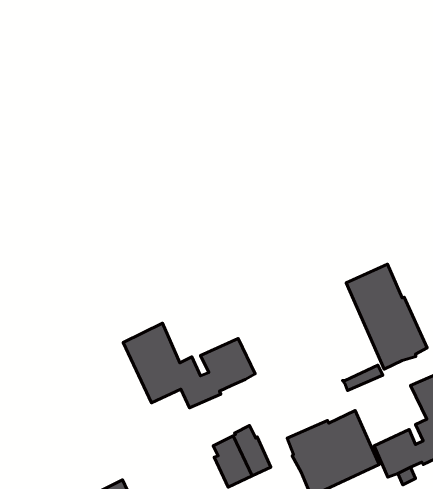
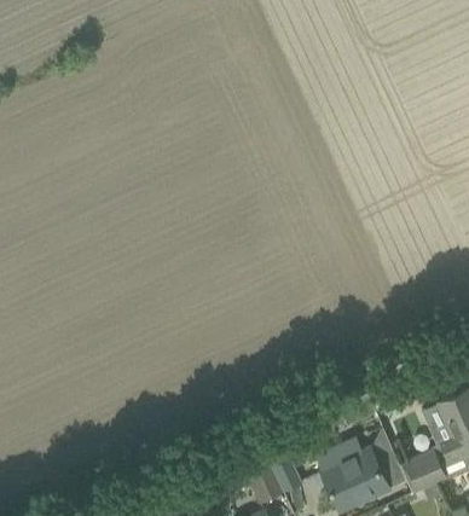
building: [346,264,427,369] -> none
building: [123,323,255,408] -> none

